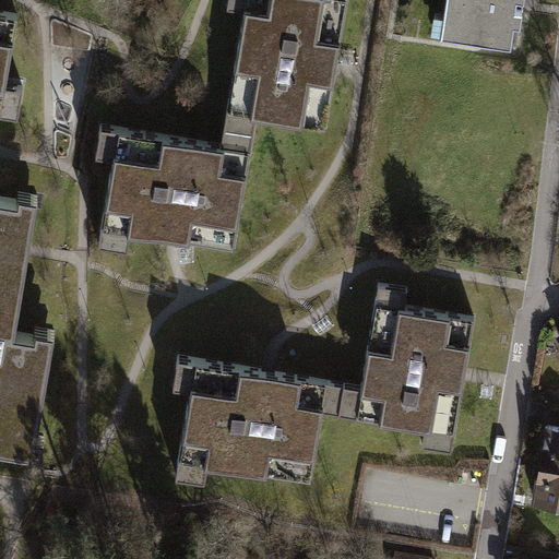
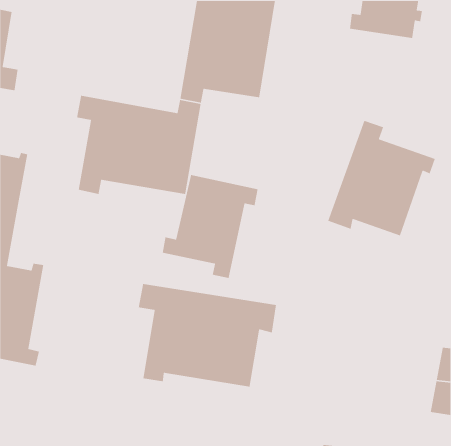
building: none -> [327,120,436,236]
building: none -> [162,174,259,279]
building: [336,289,472,455] -> none

